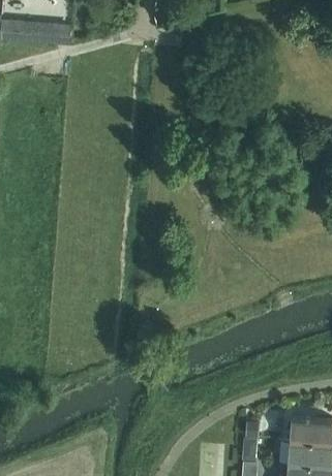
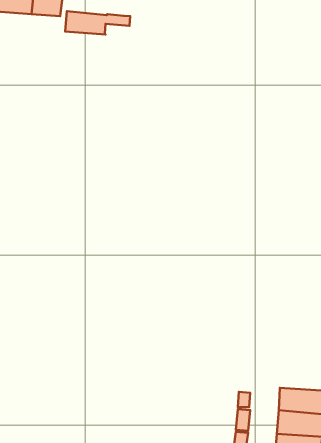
building: none -> [65,11,130,34]

